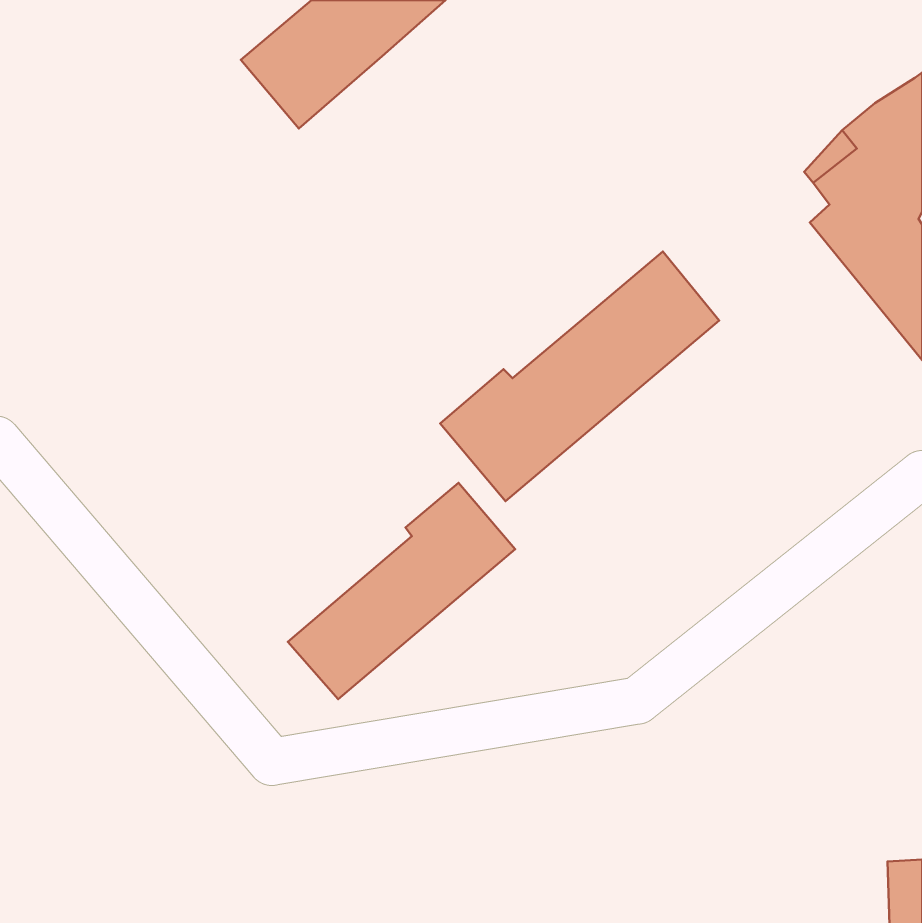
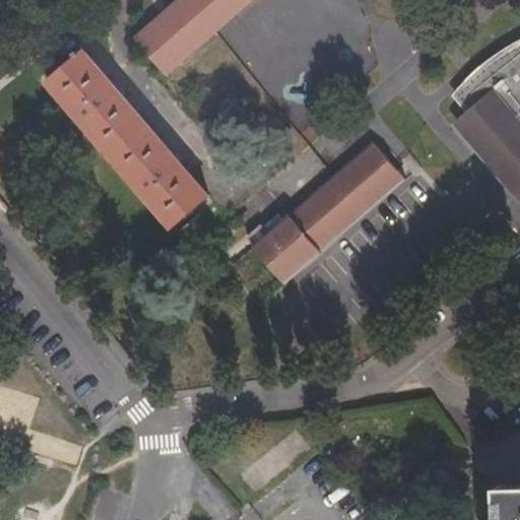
building: none -> [47,51,206,226]
building: [288,483,515,699] -> none

